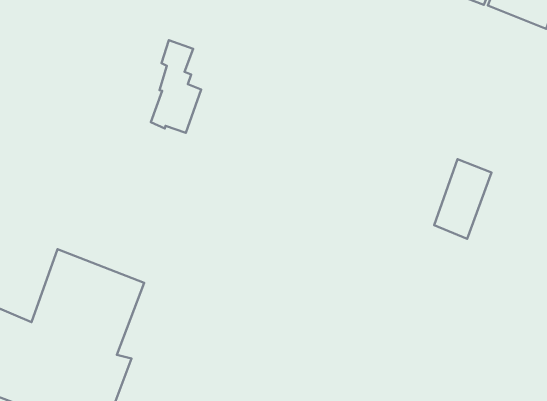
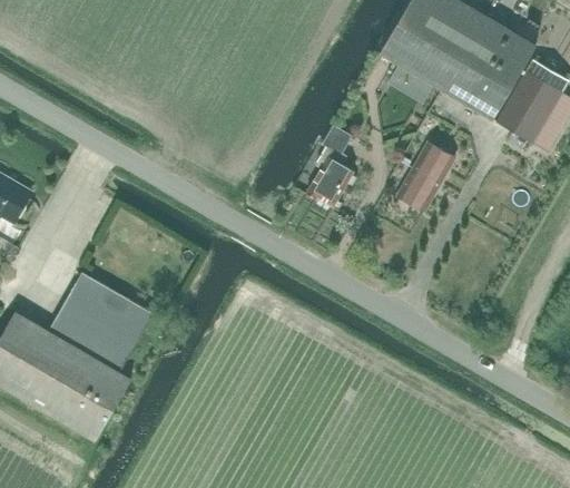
building: [151,40,201,133] -> [304,123,353,206]
building: [434,159,492,239] -> [396,141,454,213]

